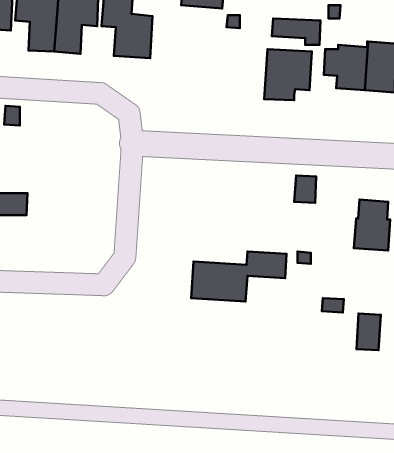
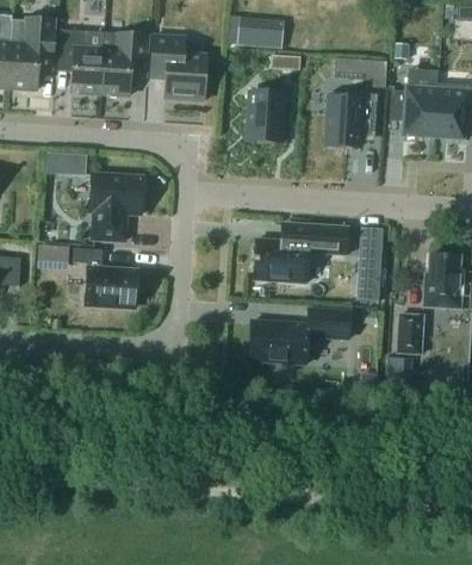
building: none -> [248,92,282,142]
building: none -> [89,173,143,241]
building: none -> [254,223,348,282]
building: none -> [73,248,137,306]
building: none -> [356,256,381,300]
building: [356,314,381,350] -> [397,315,423,354]

